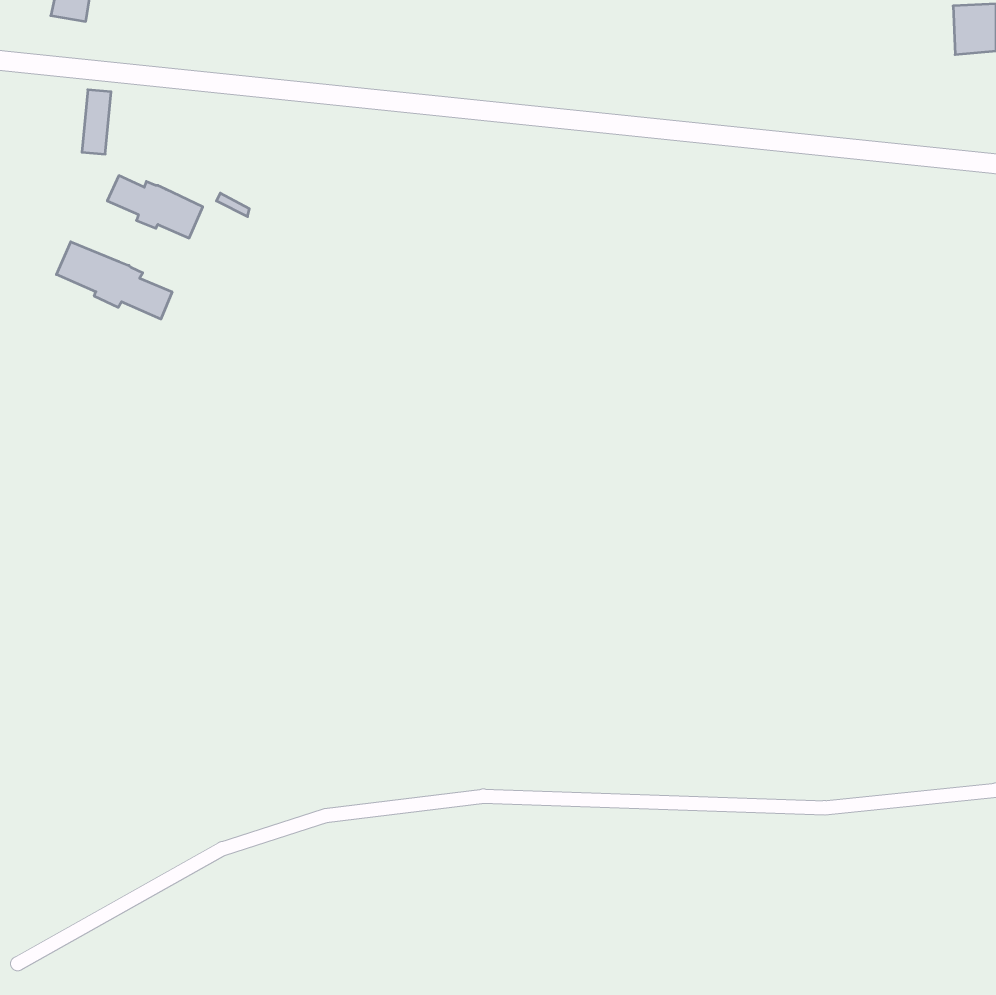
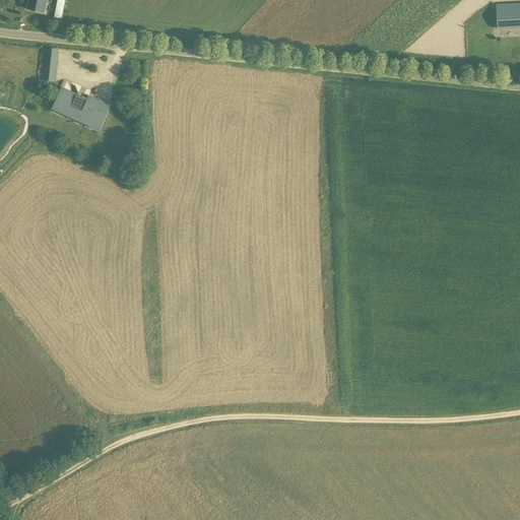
building: [56,242,172,319] -> none

